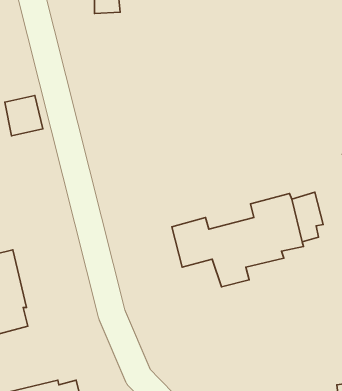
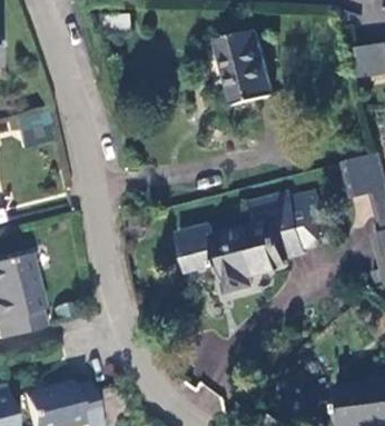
building: none -> [221,32,278,105]

